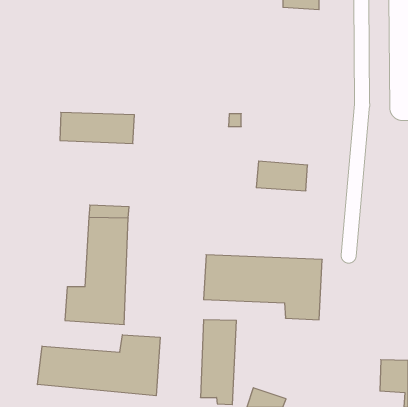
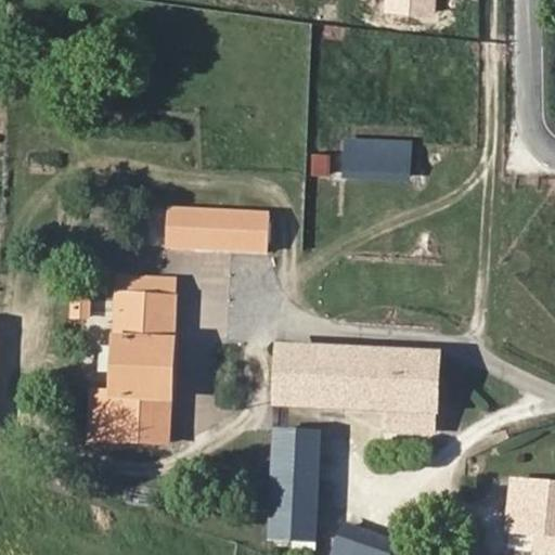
building: [60,112,134,144] -> [168,209,269,251]
building: [256,161,308,191] -> [344,132,413,172]
building: [37,335,160,396] -> none

